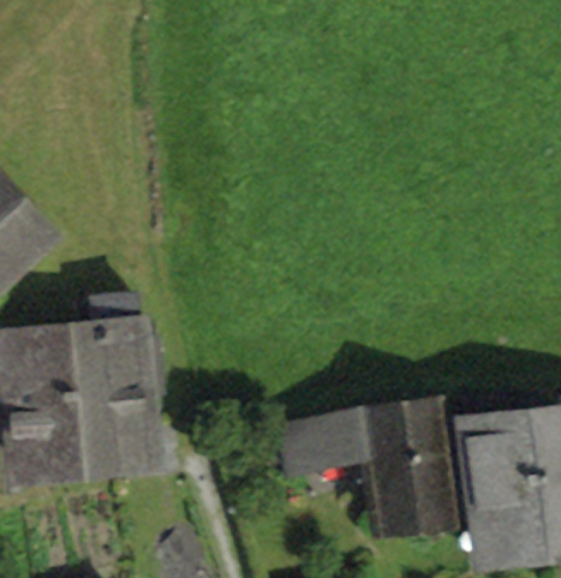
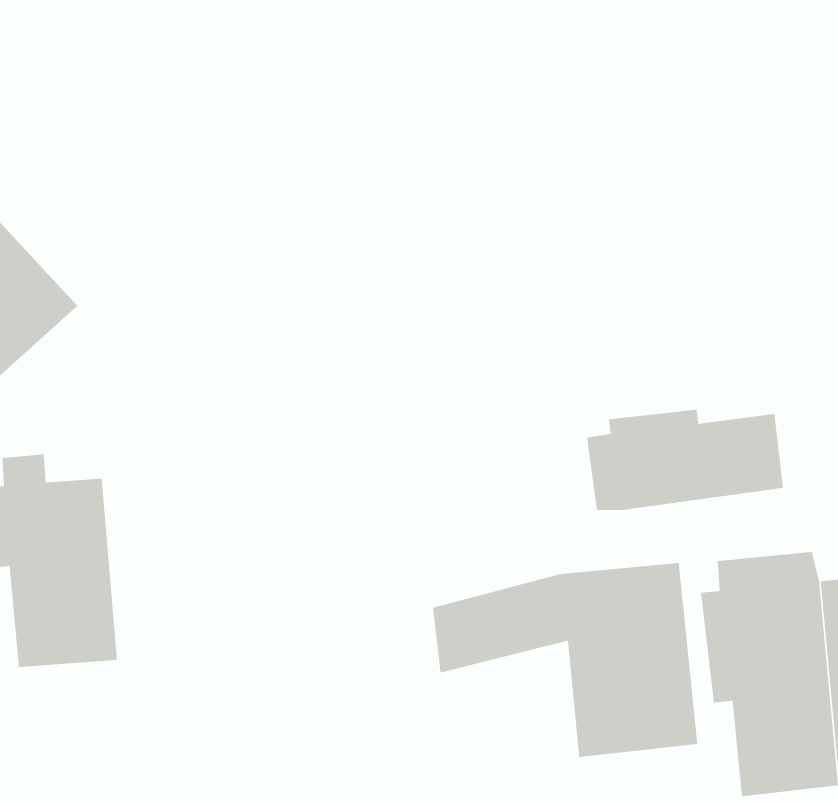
building: [73,308,161,472] -> none
building: none -> [587,409,784,511]

